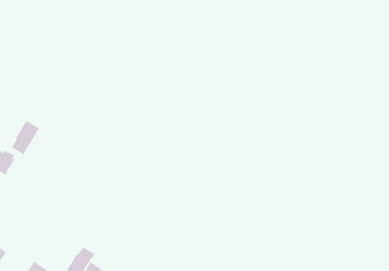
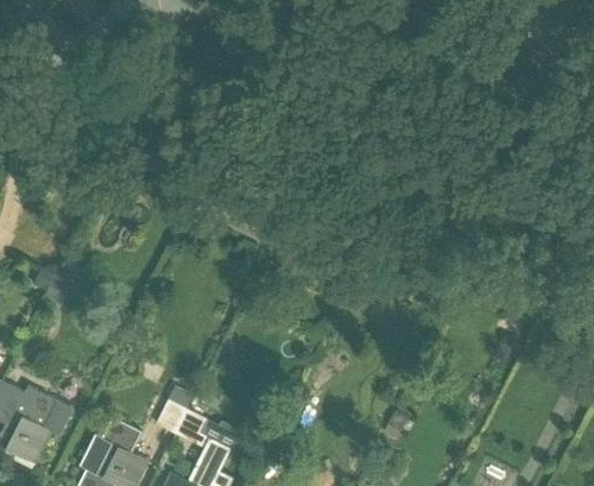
building: [11,120,39,155] -> none

